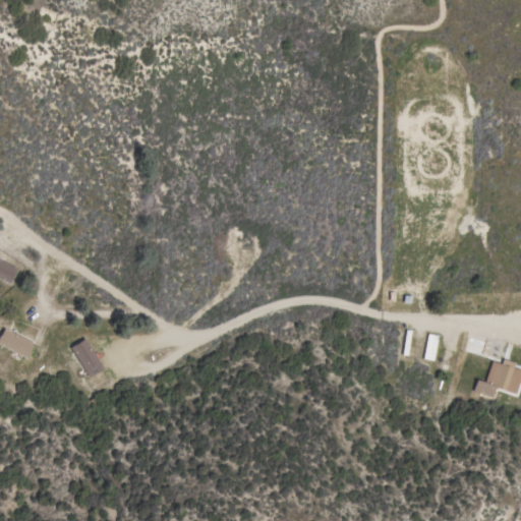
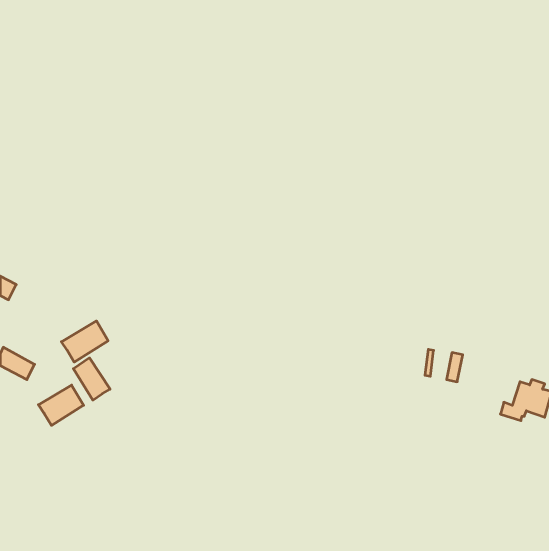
building: none -> [61,321,108,362]
building: none -> [38,385,84,425]

